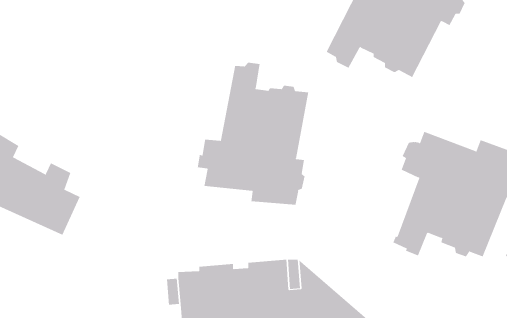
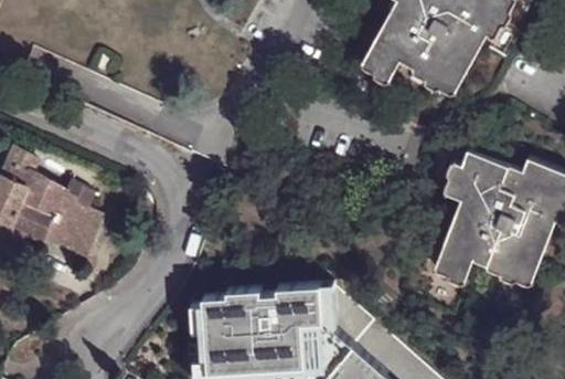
building: [197,62,309,205] -> none

